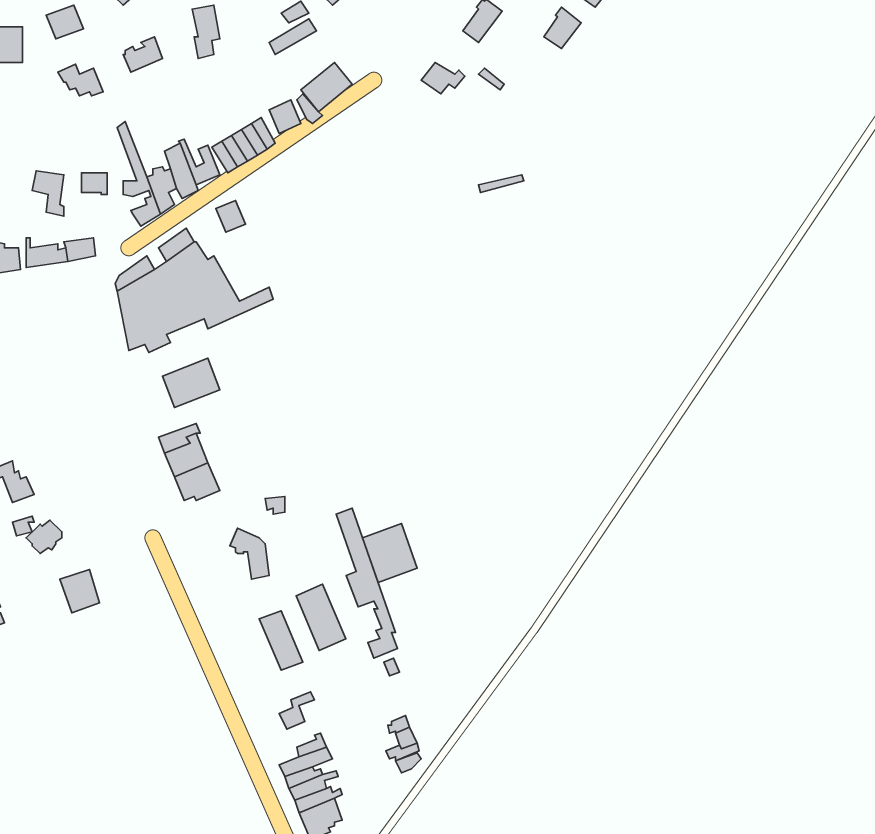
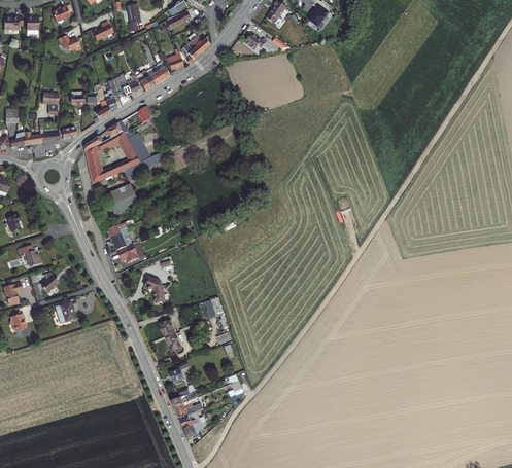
building: [362,524,417,582] -> none
building: [296,584,346,651] -> none

